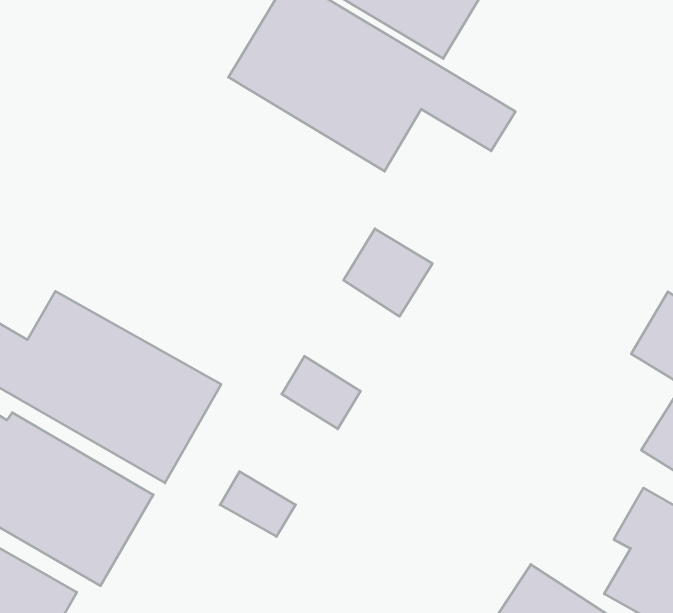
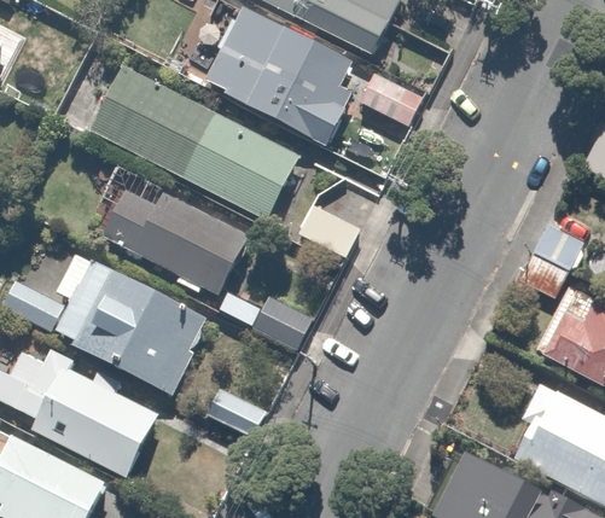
building: none -> [86,60,302,229]
building: none -> [101,186,250,295]

